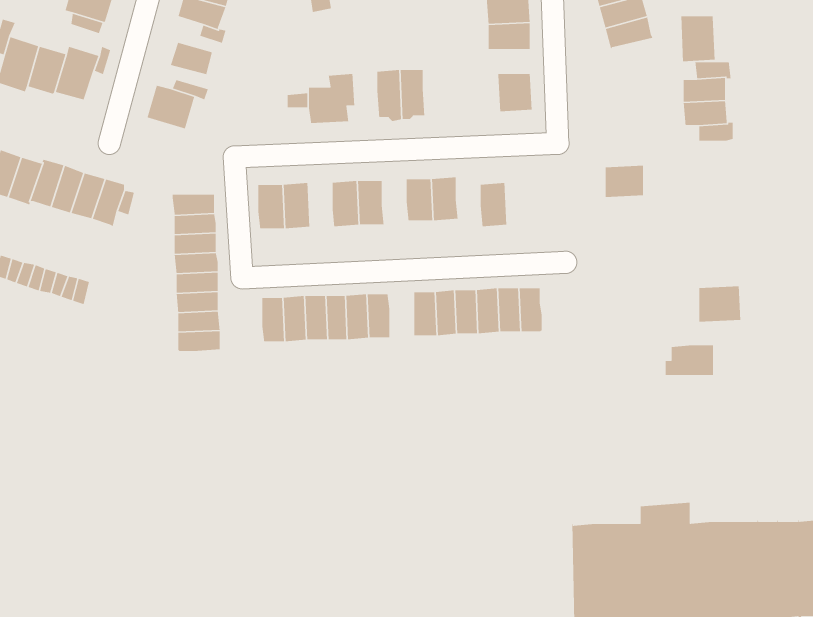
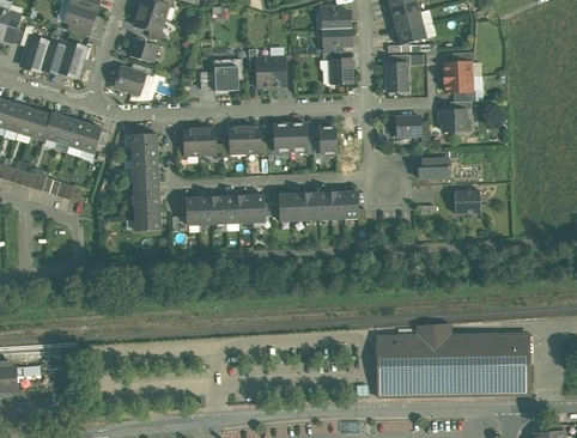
building: [680,15,715,62] -> [385,63,407,92]
building: none -> [438,110,468,132]
building: [665,345,714,376] -> [419,159,449,178]

